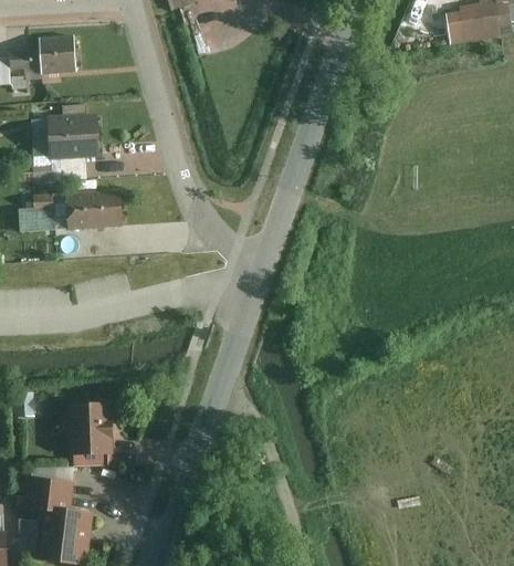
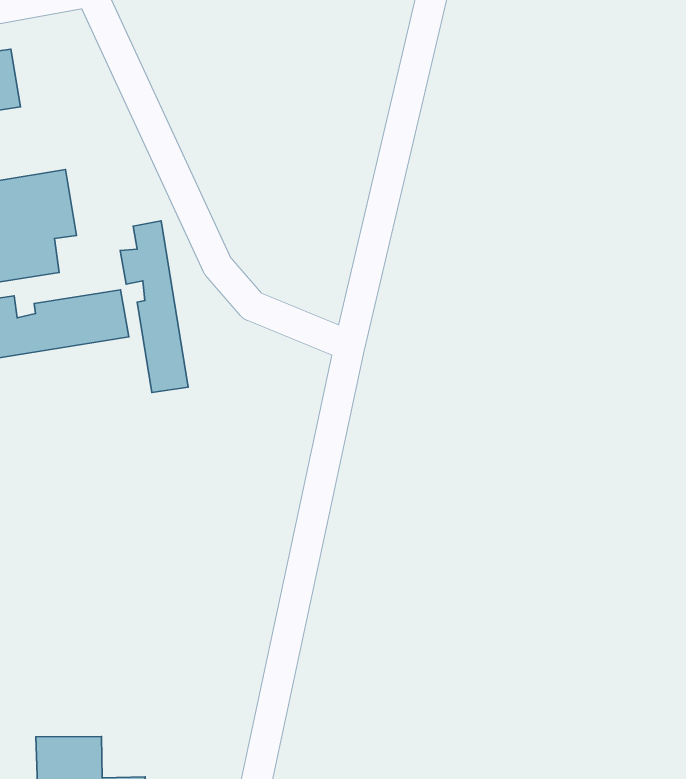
building: none -> [120,221,188,392]
building: [66,401,114,468] -> none

